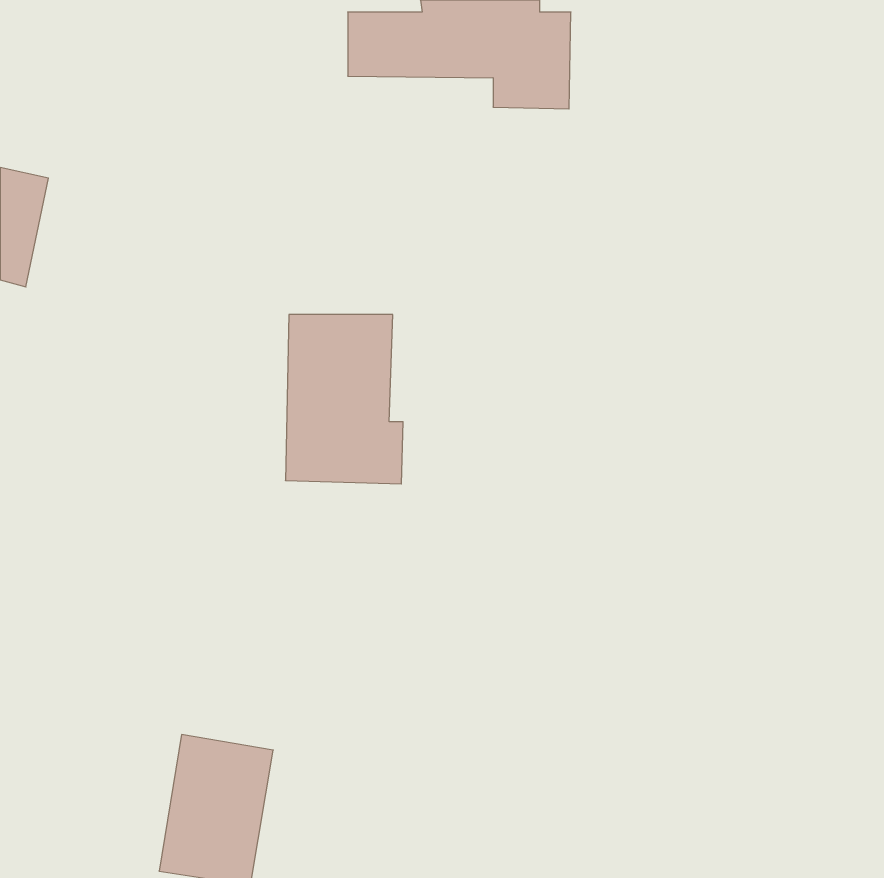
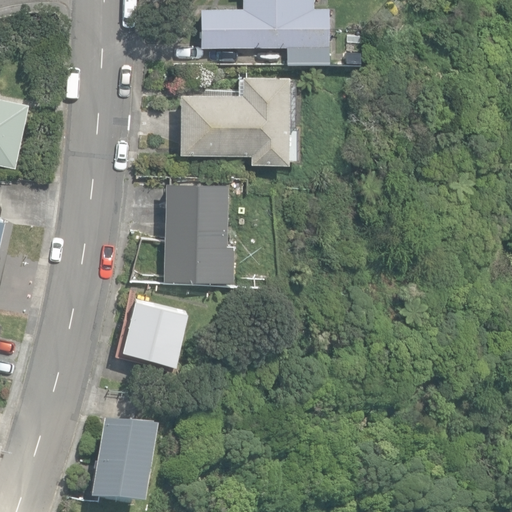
building: none -> [181,78,296,164]
building: none -> [122,300,186,363]

